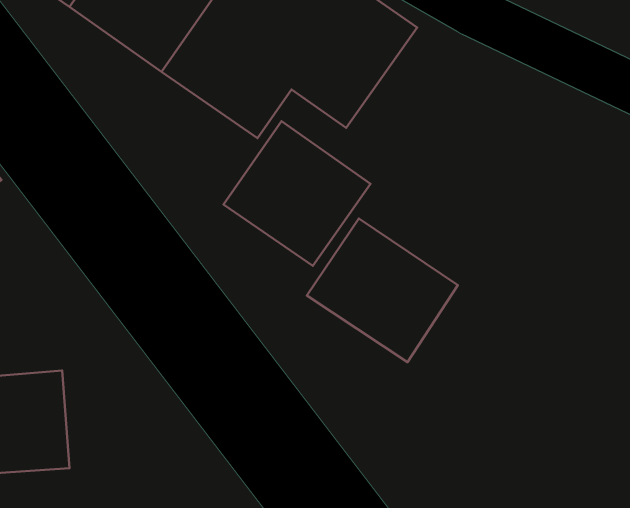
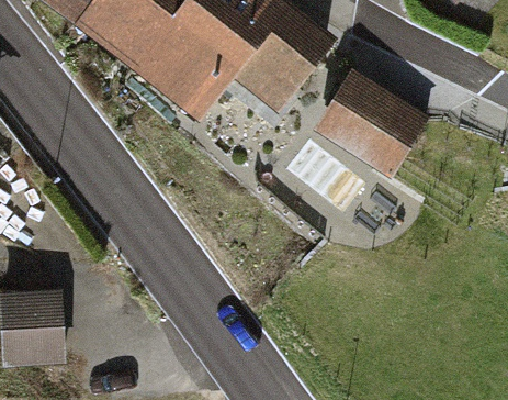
building: [223,121,370,266] -> none
building: [307,219,458,362] -> [313,71,425,178]

